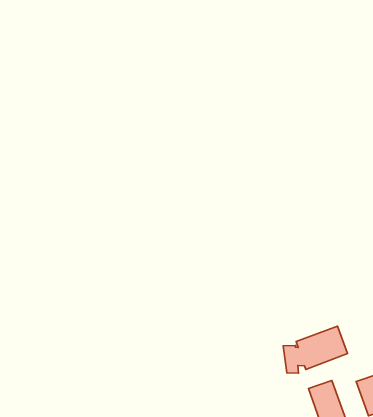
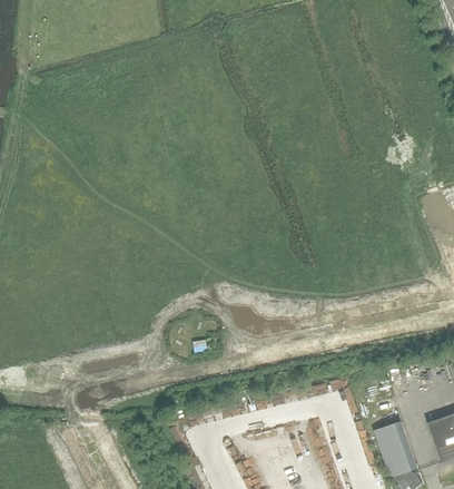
building: [283,326,348,373] -> none

